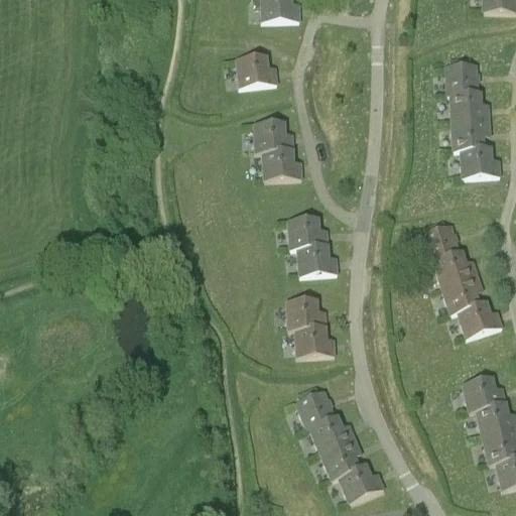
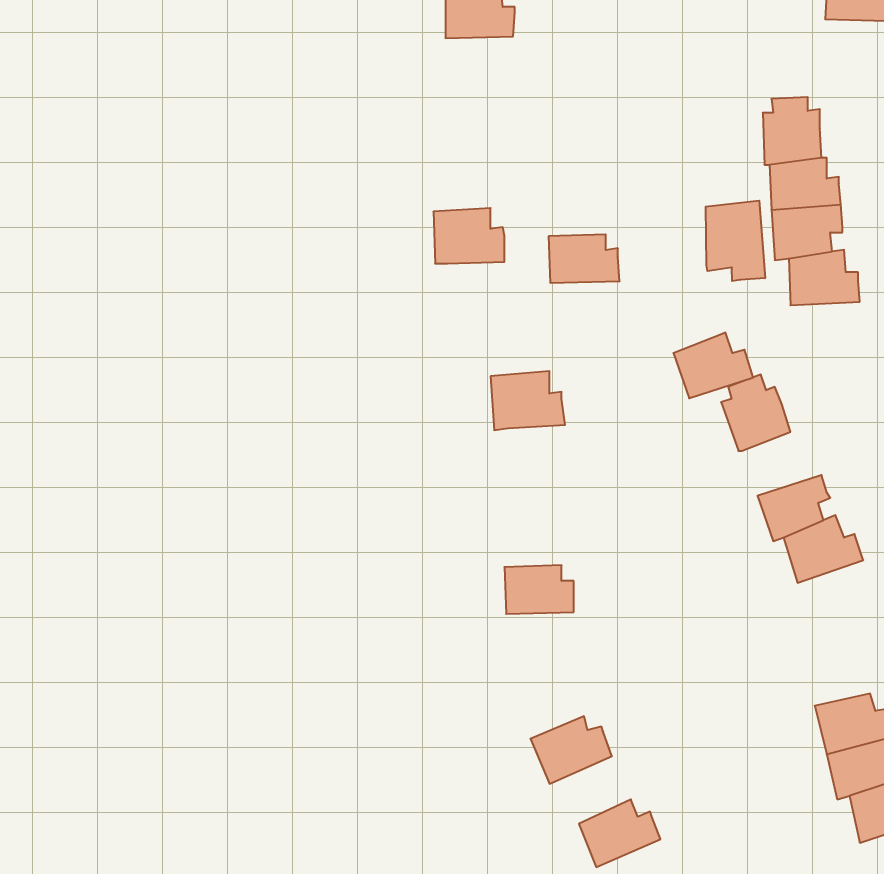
building: [235,54,277,88] -> none
building: none -> [706,201,765,281]
building: [261,152,302,180] -> [549,234,620,283]
building: [296,247,338,276] -> none
building: [432,250,479,288] -> [673,332,753,398]
building: [286,297,328,331] -> none
building: [461,376,507,412] -> none
building: [294,389,341,431] -> none
building: [320,439,368,482] -> none

